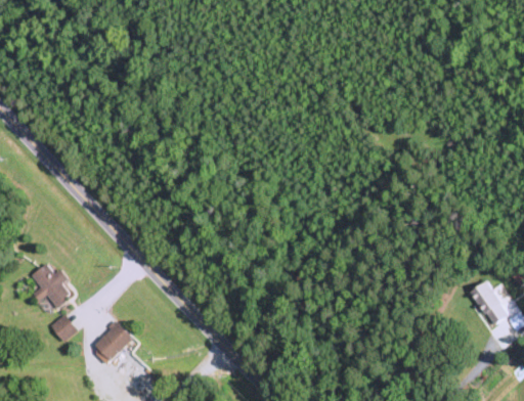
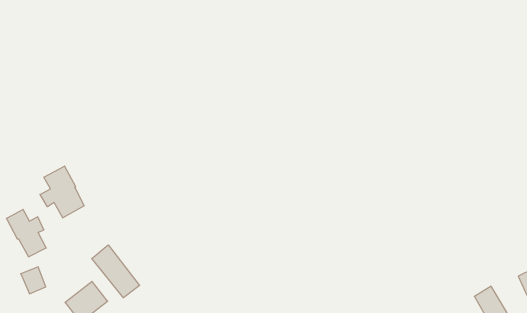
building: none -> [40,166,84,218]
building: none -> [92,245,140,298]

